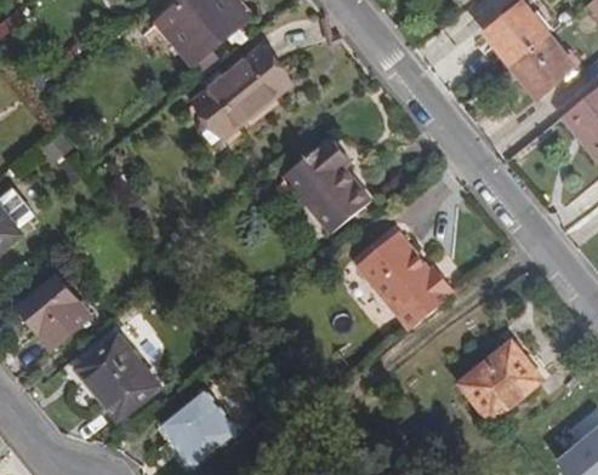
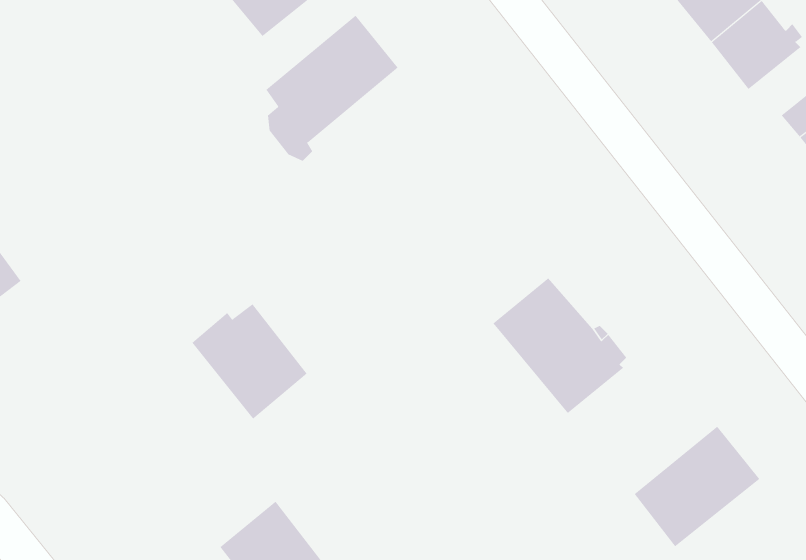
building: [284,138,368,231] -> none
building: [18,276,89,348] -> none
building: [73,336,155,418] -> [192,303,308,419]

